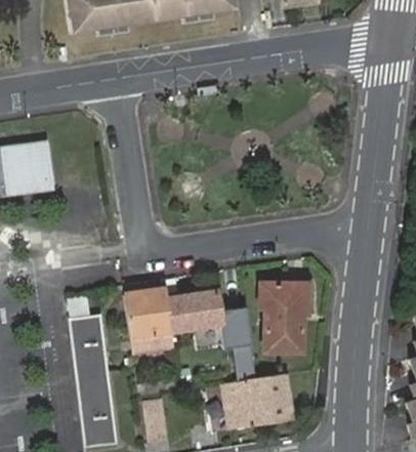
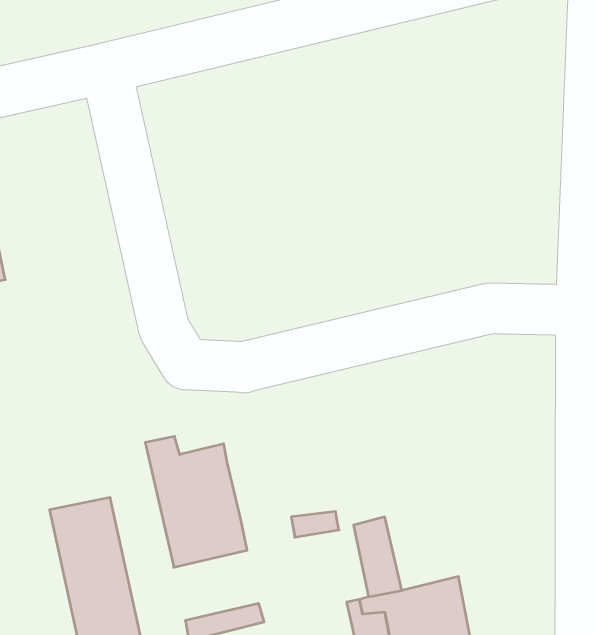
building: [260,282,307,350] -> none
building: [166,291,221,331] -> none

